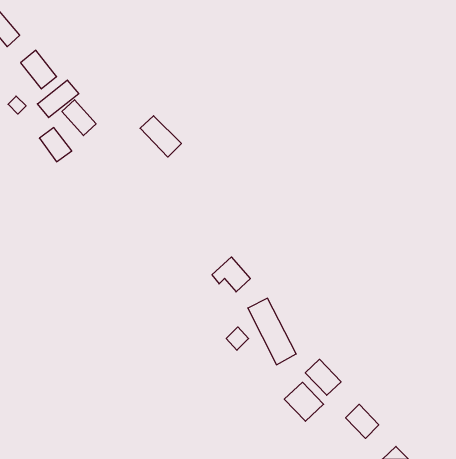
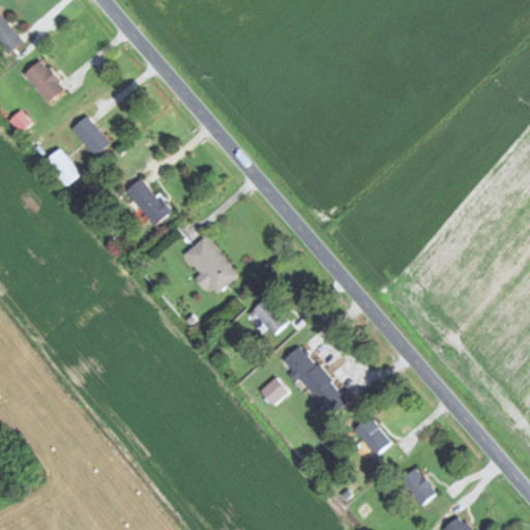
building: [37,80,79,118] -> none
building: [140,116,181,157] -> [124,178,172,226]
building: none -> [183,235,238,293]
building: [284,382,324,421] -> none

